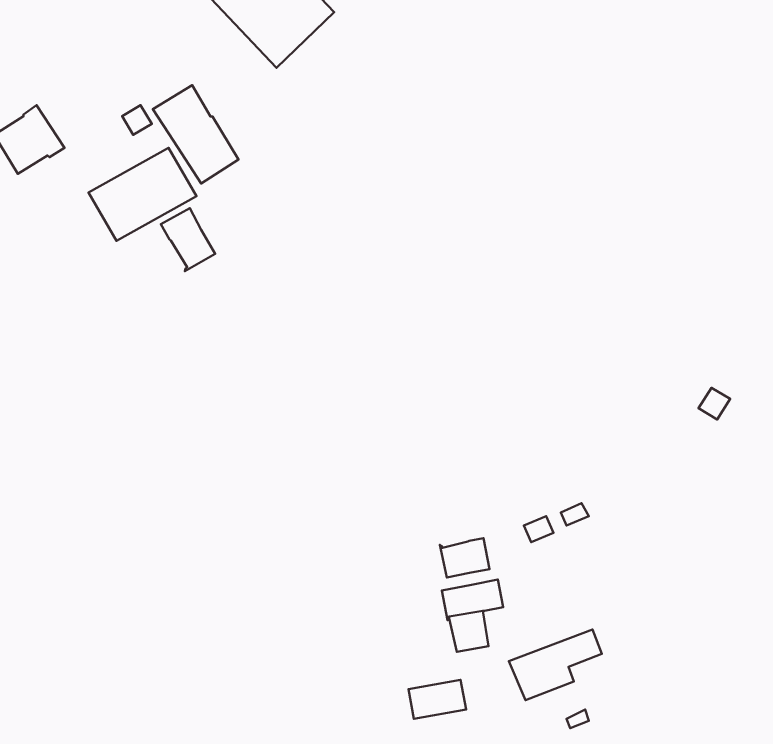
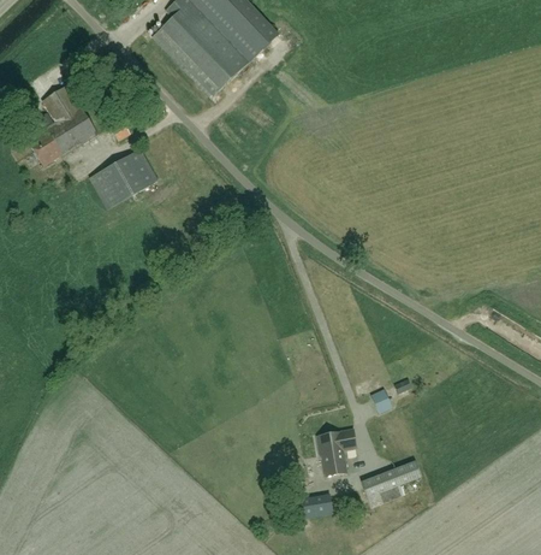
building: [153,85,239,184] -> [42,84,97,148]
building: [161,208,215,271] -> none
building: [440,538,490,578] -> none

